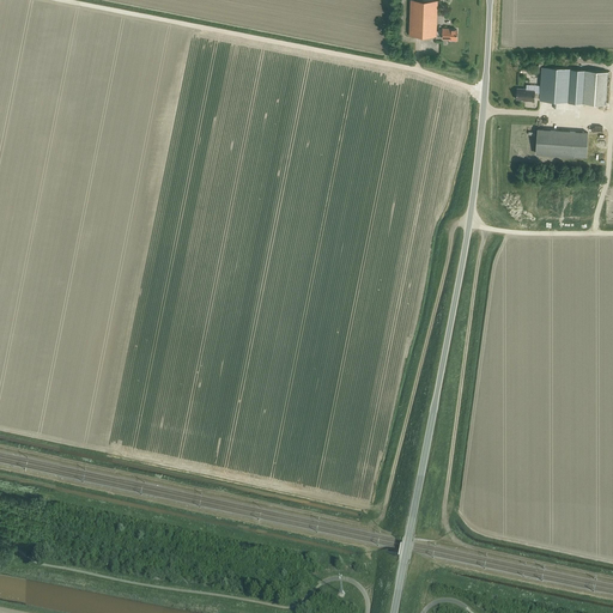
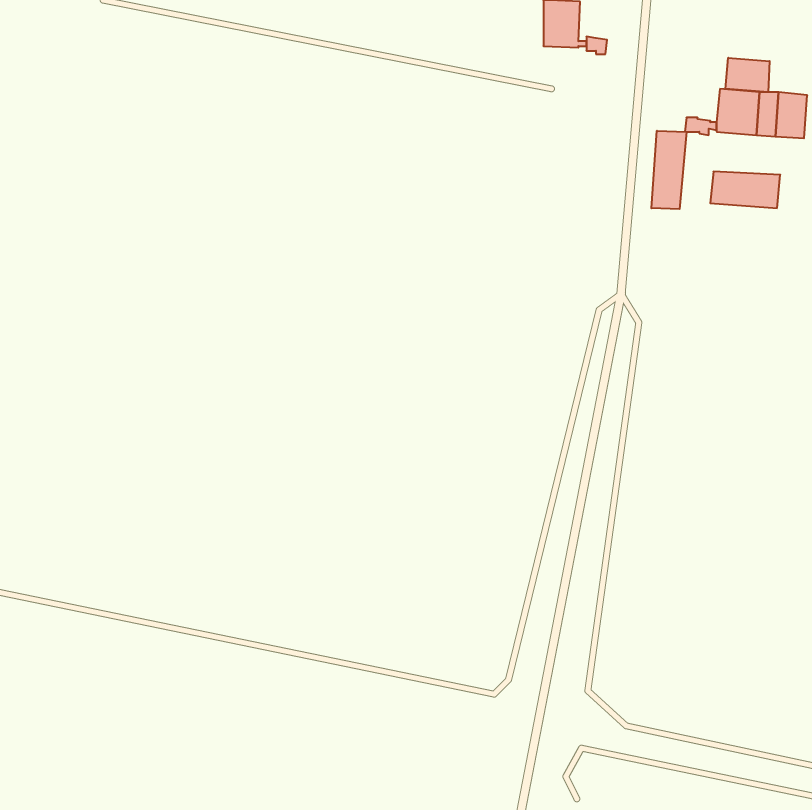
building: none -> [725,58,770,92]
building: none -> [651,131,686,209]

